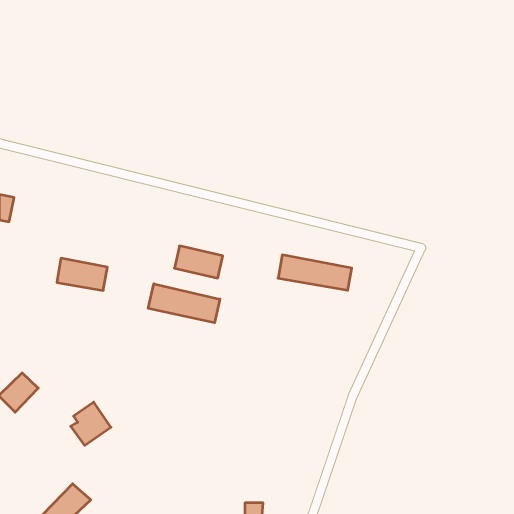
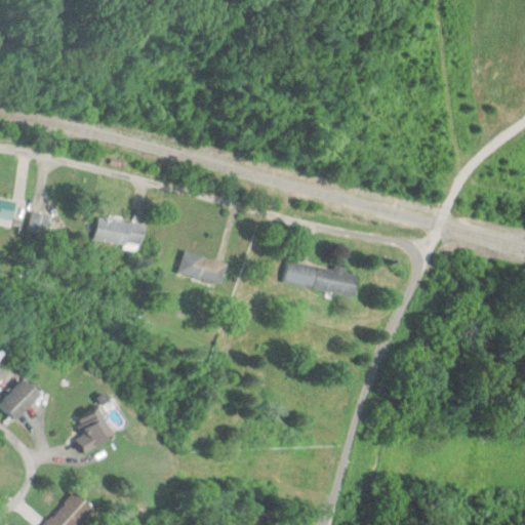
building: [57,258,107,290] -> [92,216,144,249]
building: [148,284,220,323] -> none

